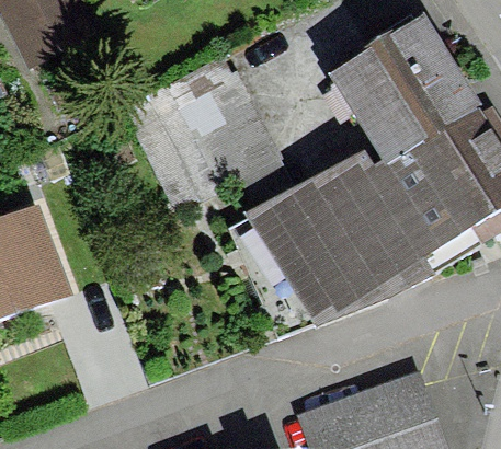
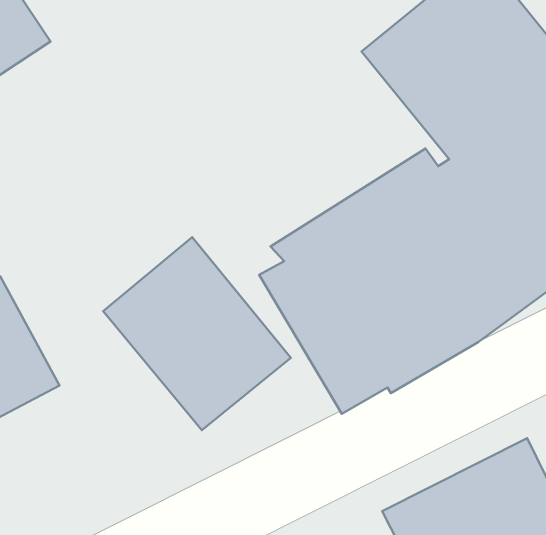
building: none -> [103,237,291,430]

